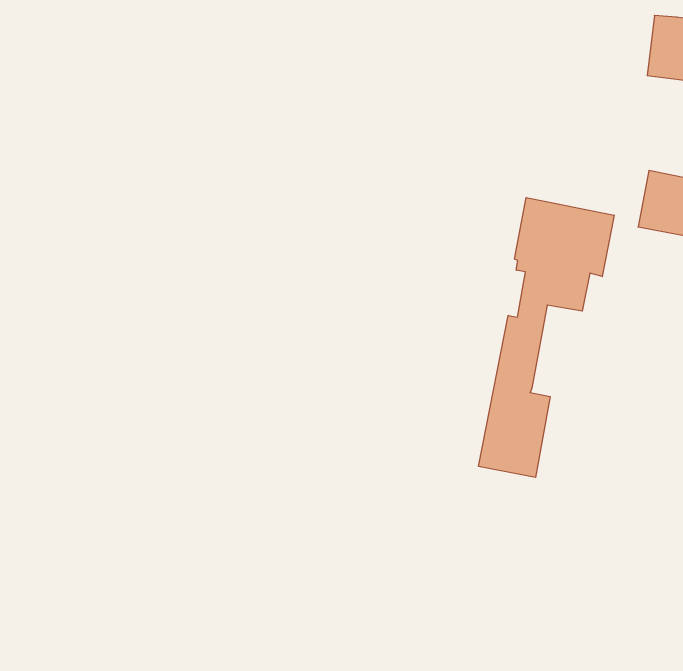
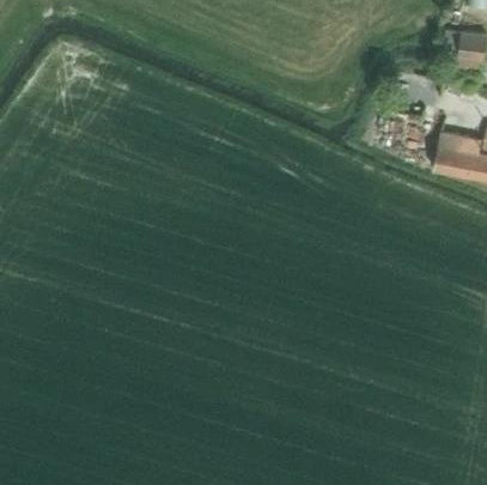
building: [479,198,614,477] -> none

